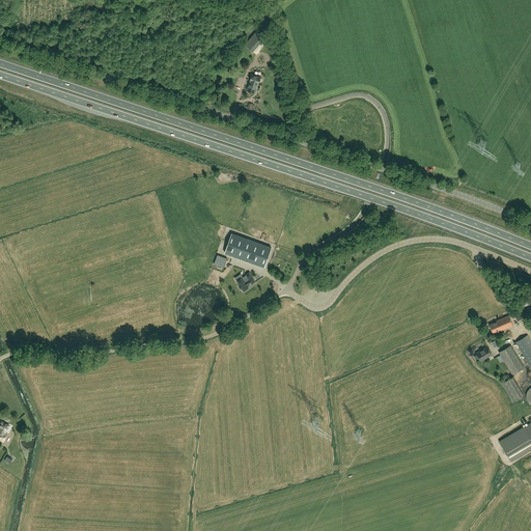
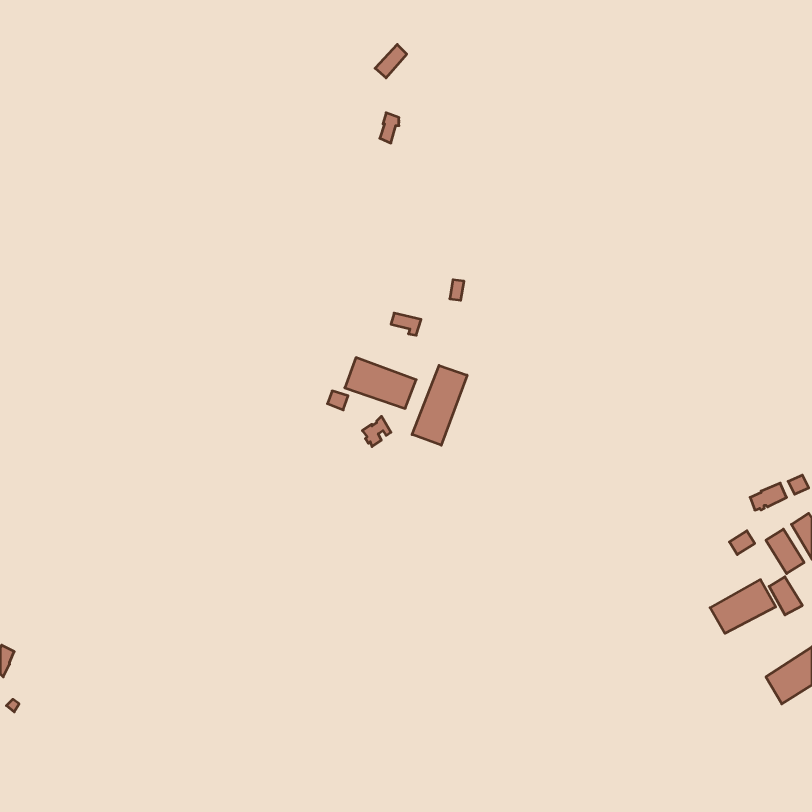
building: none -> [412,365,467,445]
building: none -> [710,580,776,633]

